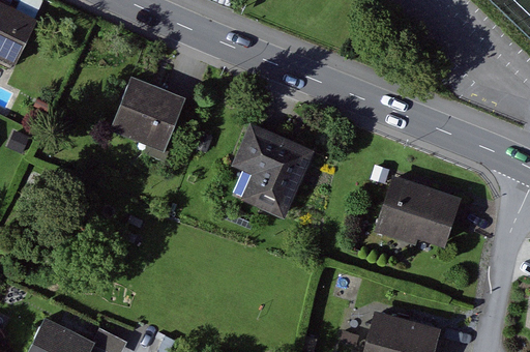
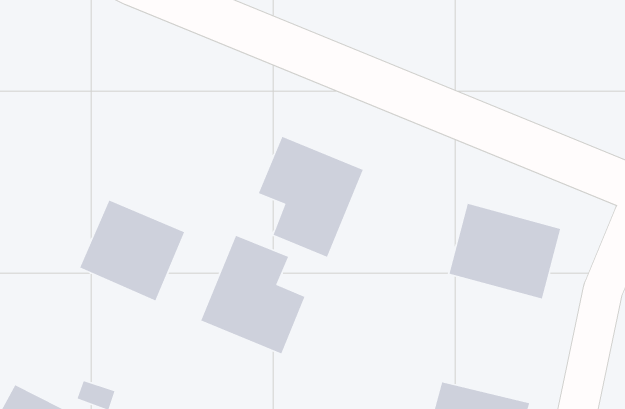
building: [105,76,186,154] -> [79,199,185,301]
building: none -> [200,235,305,354]

